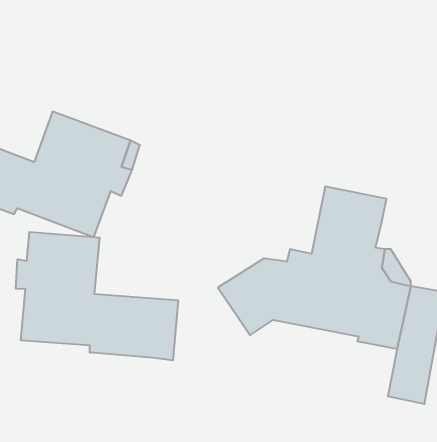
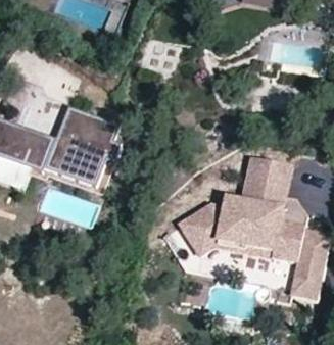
building: [16,232,178,360] -> none

